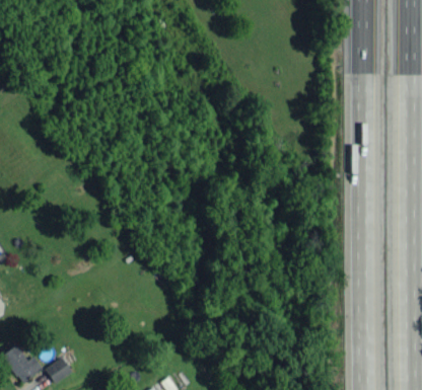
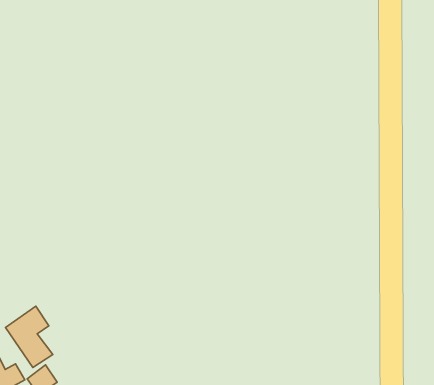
building: none -> [5,306,53,367]

